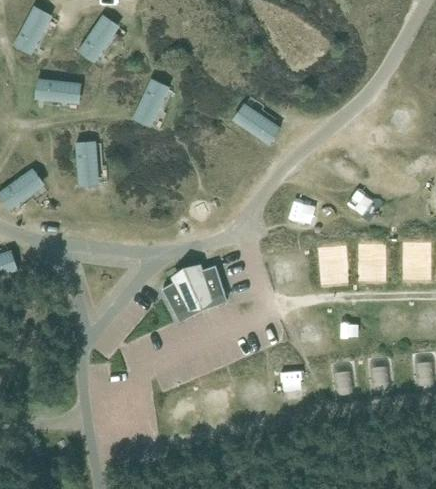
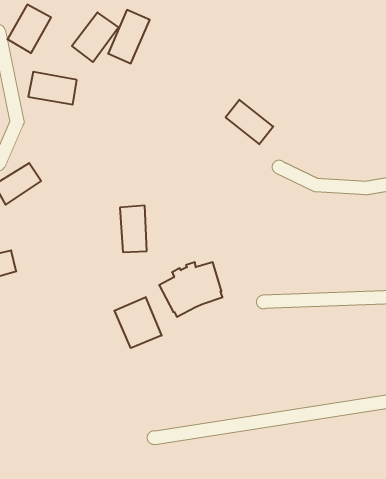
building: [128,77,170,131] -> [108,10,150,63]
building: [75,139,102,186] -> [120,206,147,252]
building: none -> [114,297,162,348]

